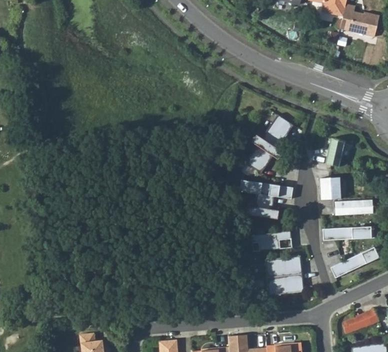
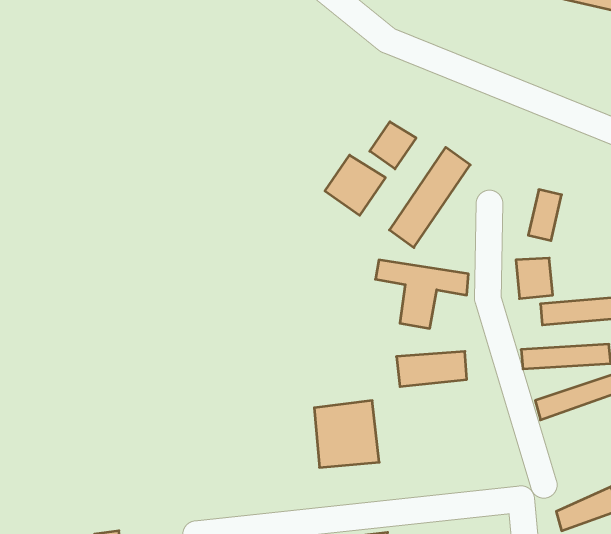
building: none -> [370,122,416,169]
building: none -> [325,155,385,215]
building: [266,256,303,294] -> [314,401,379,467]

